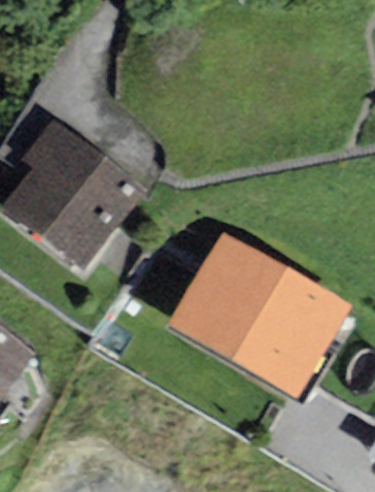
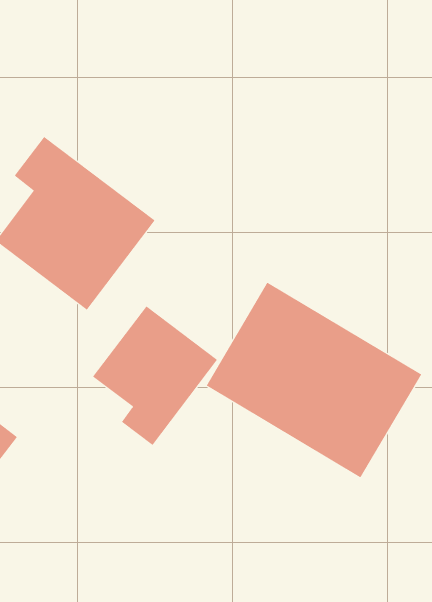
building: none -> [92,306,218,446]

